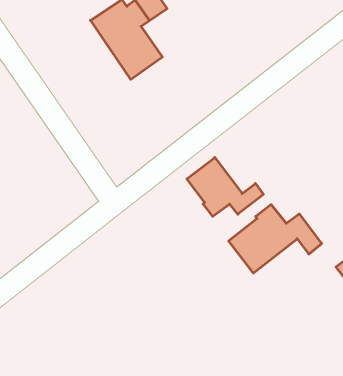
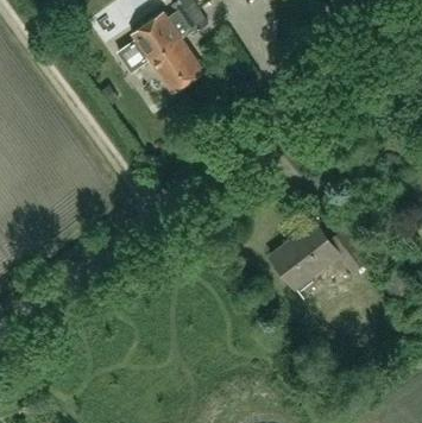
building: [187,157,263,216] -> none

